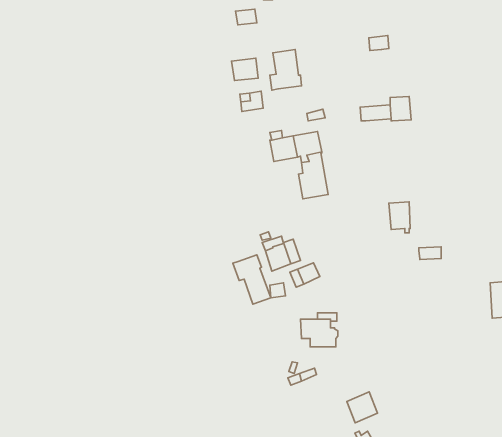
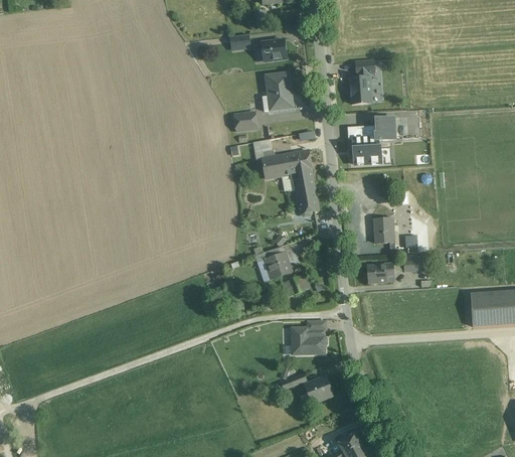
building: none -> [350,72,371,104]
building: [231,58,258,80] -> [262,39,287,60]
building: none -> [351,138,381,164]
building: none -> [367,263,400,283]
building: [233,255,271,304] -> none
building: [347,392,378,423] -> [304,375,333,405]

